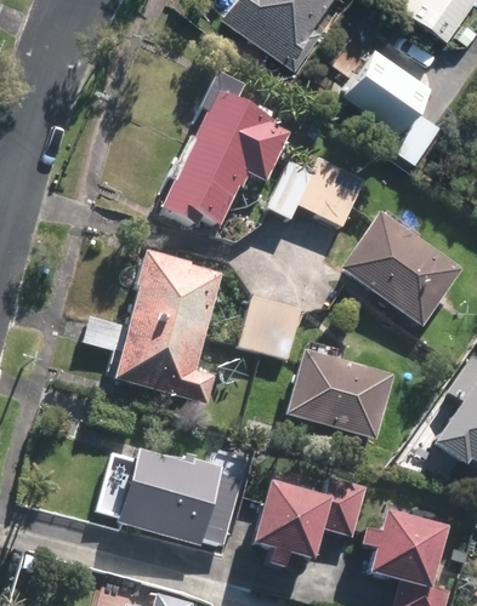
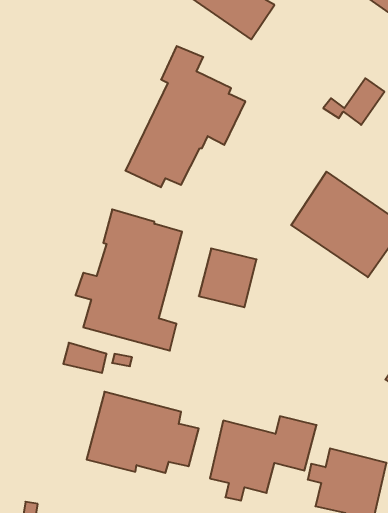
building: [342,45,431,131] -> none
building: [267,158,367,225] -> none
building: [284,350,394,440] -> none

